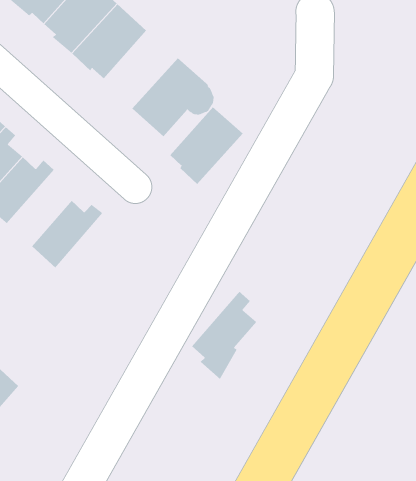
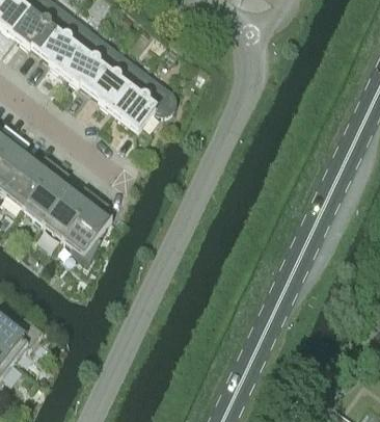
building: [169,107,243,185] -> [88,54,143,114]
building: none -> [23,165,71,225]
building: [191,291,257,380] -> [62,195,111,264]

